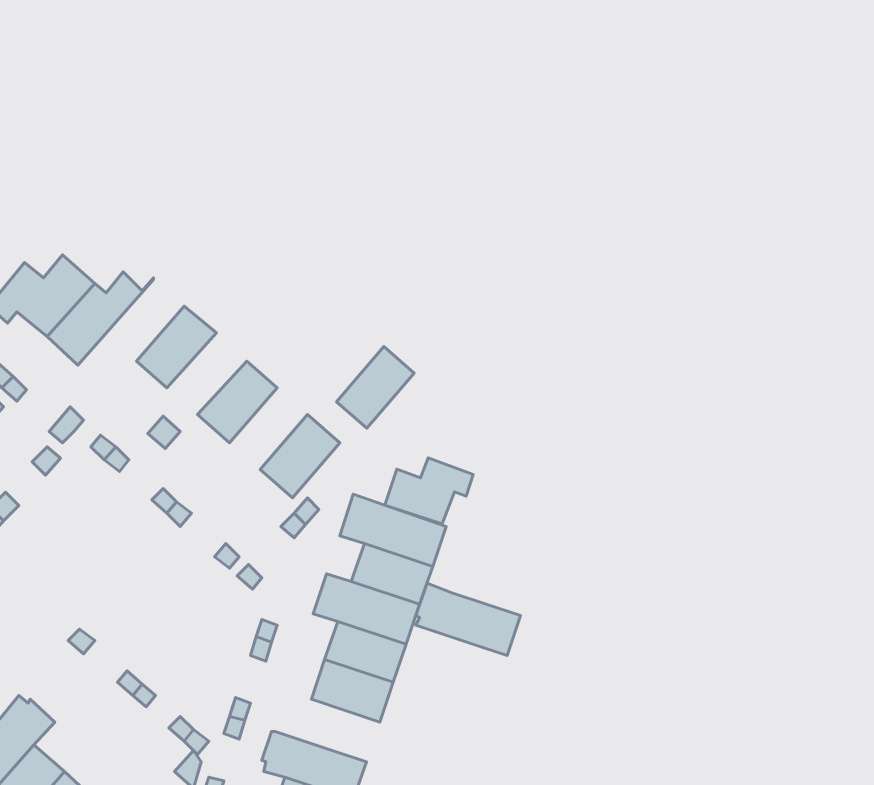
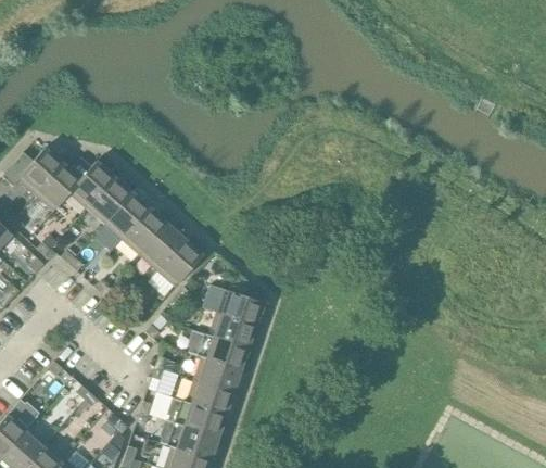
building: none -> [53,162,114,211]
building: none -> [104,192,150,239]
building: [336,347,414,428] -> [140,224,185,270]
building: [385,458,473,524] -> none
building: [416,583,520,655] -> [166,396,226,438]

